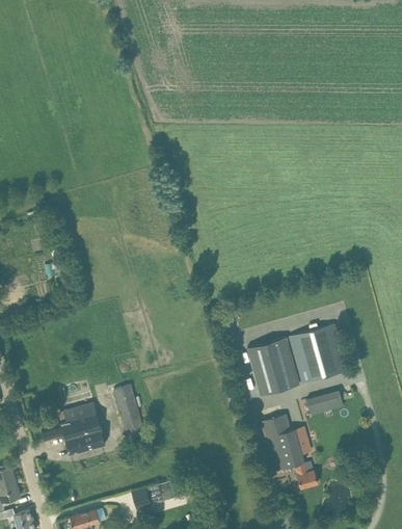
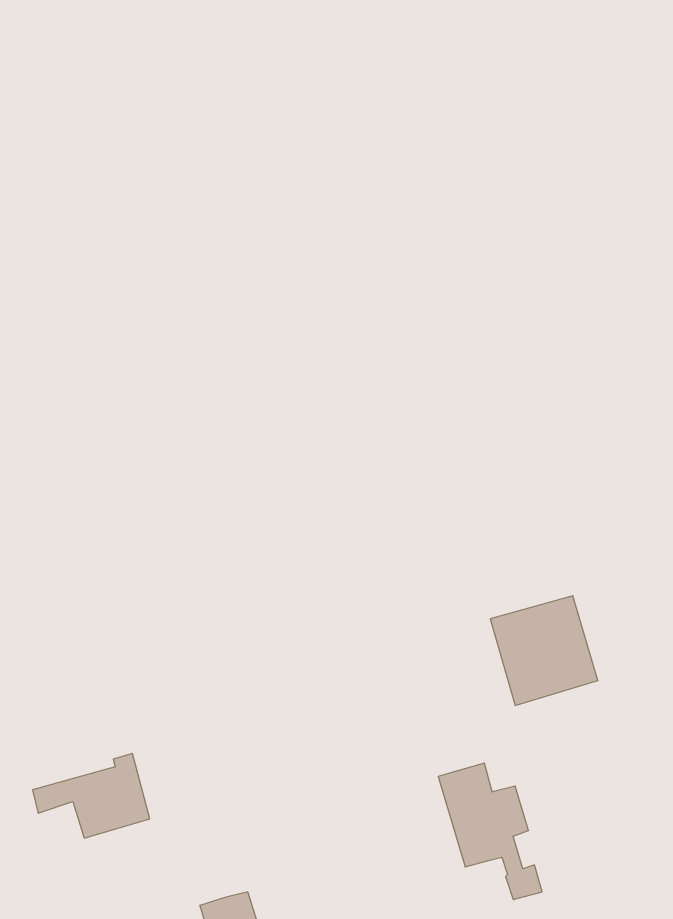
building: [247,337,300,395] -> none
building: [113,383,144,438] -> none
building: [306,390,344,414] -> none

